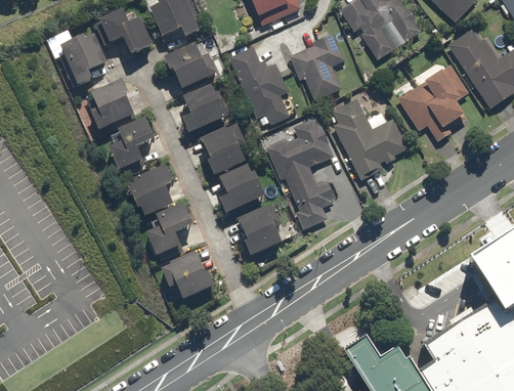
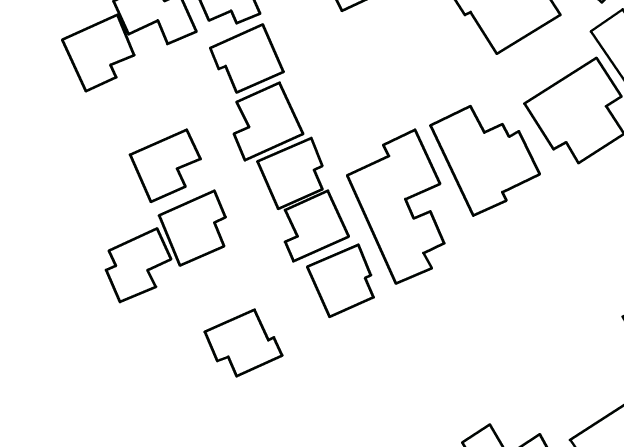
building: [290,33,345,101] -> none
building: [227,45,289,126] -> none
building: [91,78,136,129] -> none
building: [146,202,195,256] -> [106,229,171,302]

